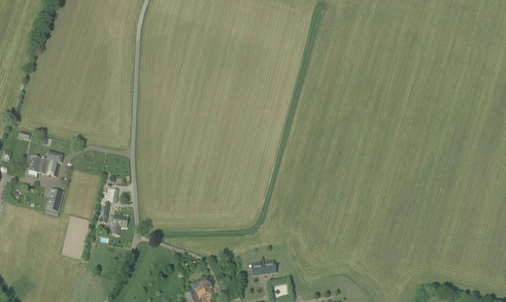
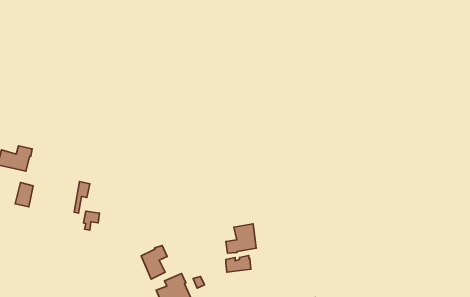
building: none -> [226,224,256,253]
building: none -> [141,245,167,279]

